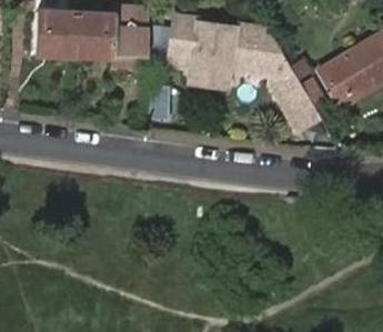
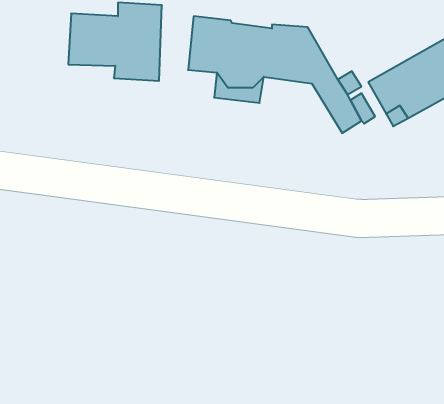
building: [33,13,75,56] -> none

